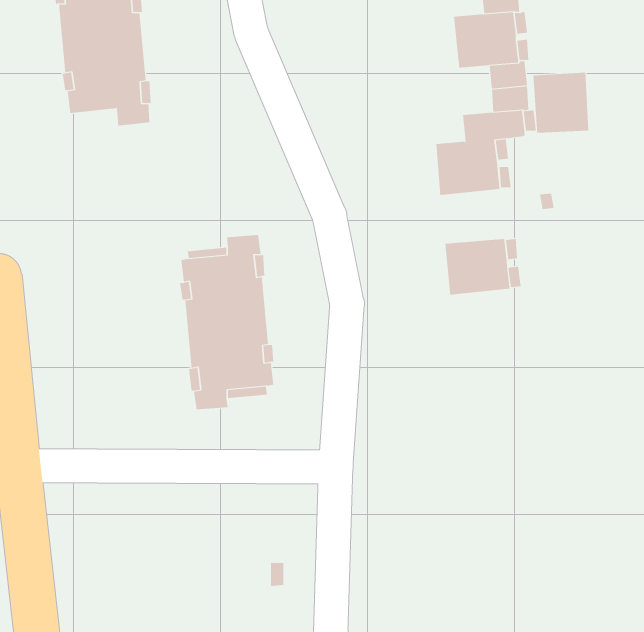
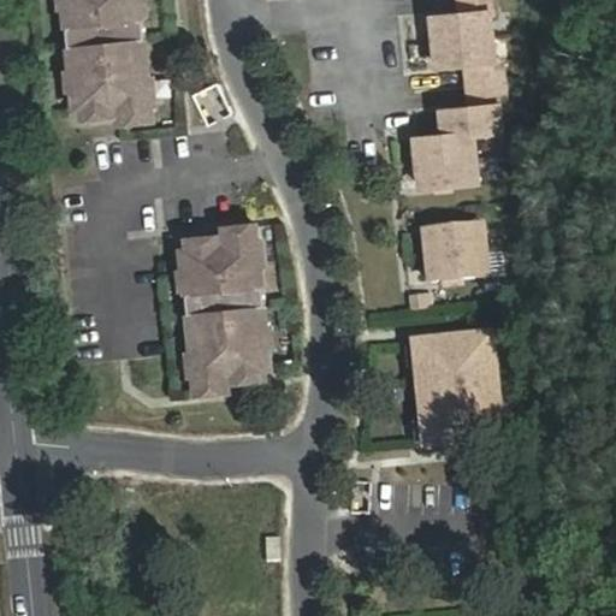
building: [533,72,589,134] -> none
building: none -> [416,319,509,439]

